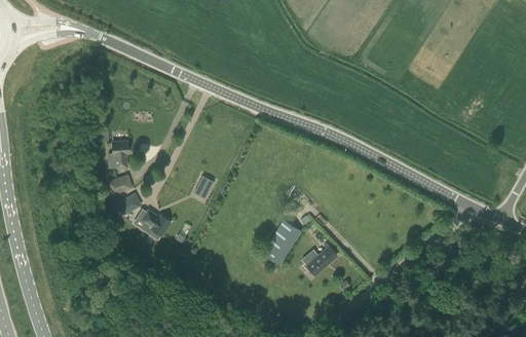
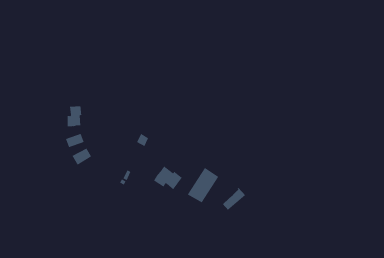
building: [141,211,170,240] -> none
building: none -> [153,165,182,190]

